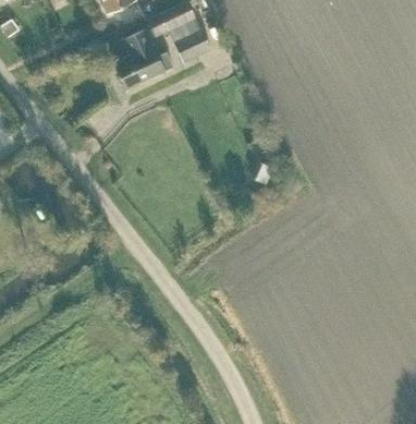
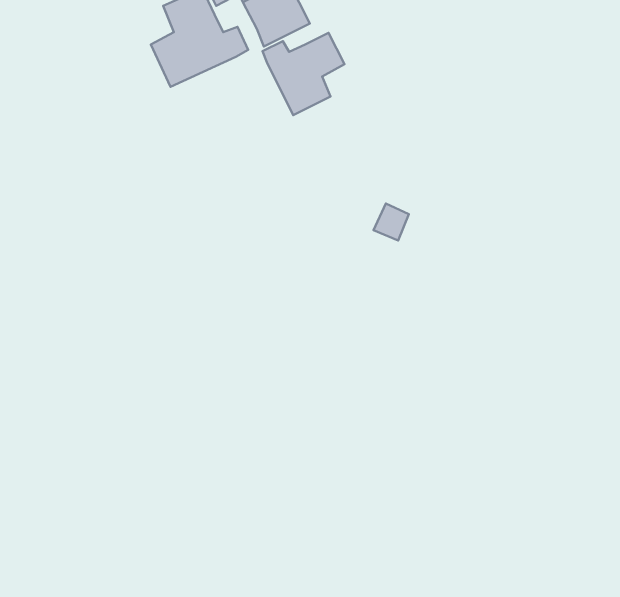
building: none -> [263,33,344,115]

